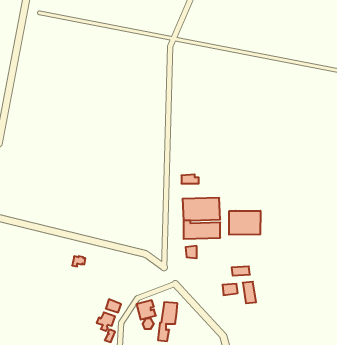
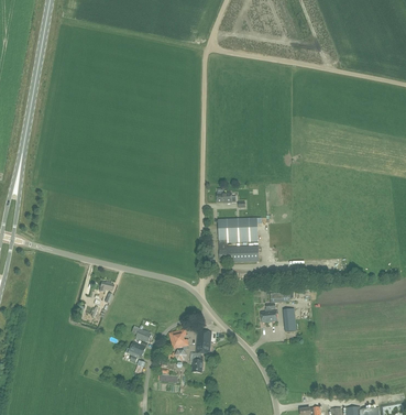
building: [229,211,260,235] -> none

